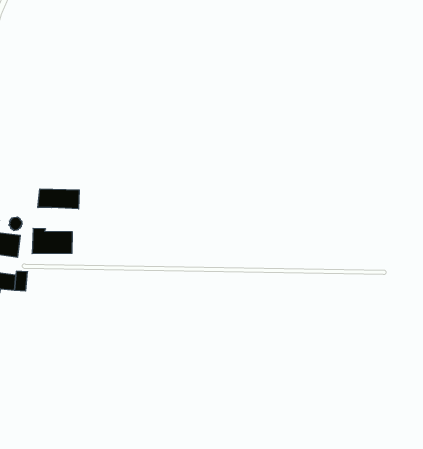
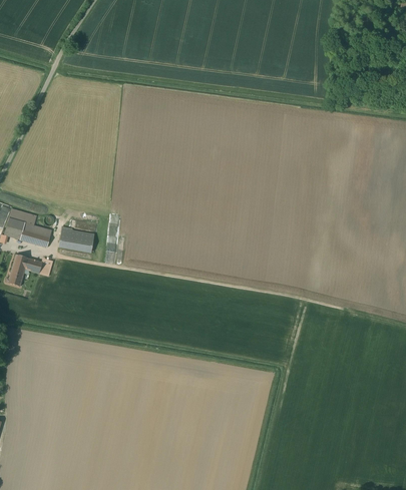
building: [38,189,79,209] -> none

